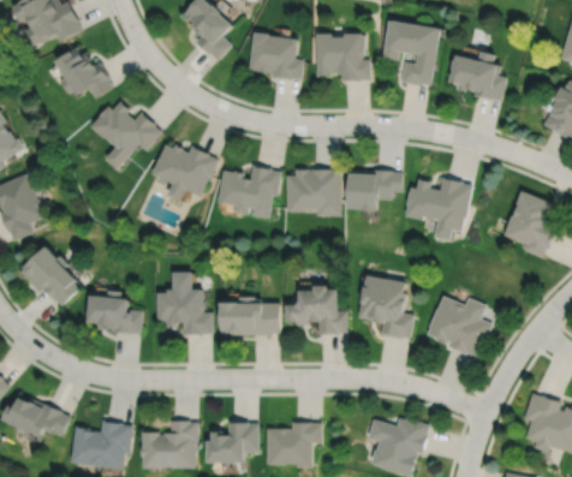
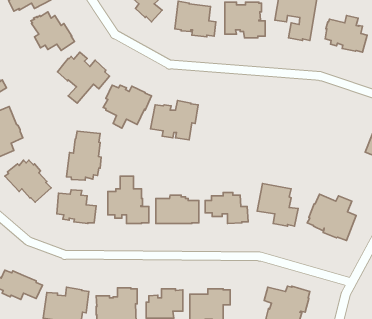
building: [285,171,339,217] -> none
building: [346,172,400,214] -> none
building: [404,179,471,243] -> none
building: none -> [66,131,101,180]

